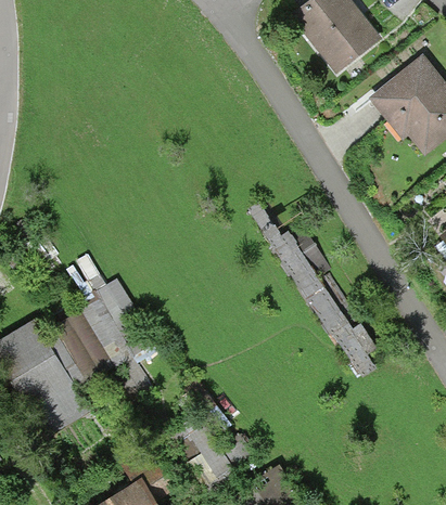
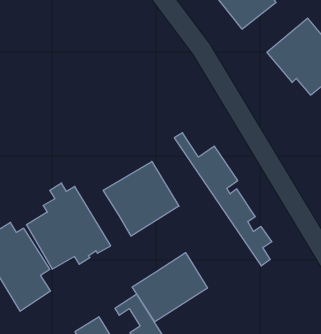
building: none -> [103,161,179,236]
building: none -> [132,253,207,322]

